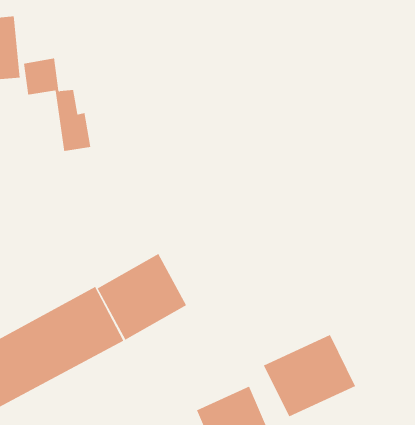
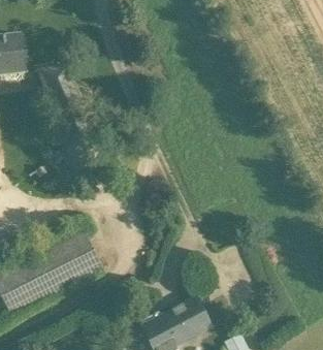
building: [97,253,187,341] -> none
building: [263,334,356,417] -> none

